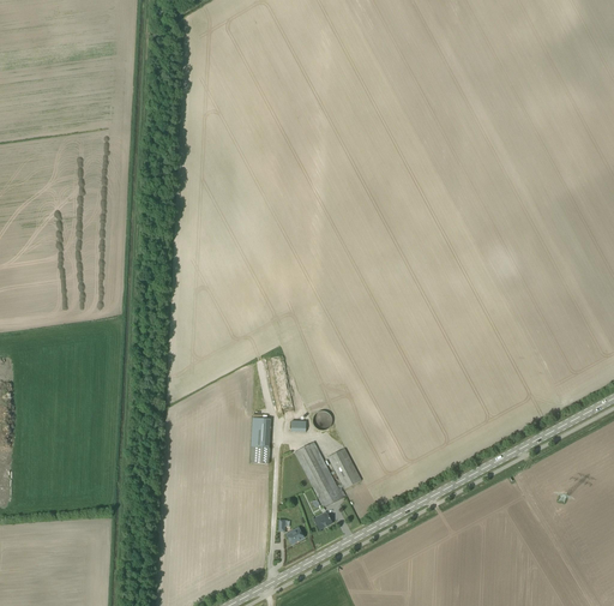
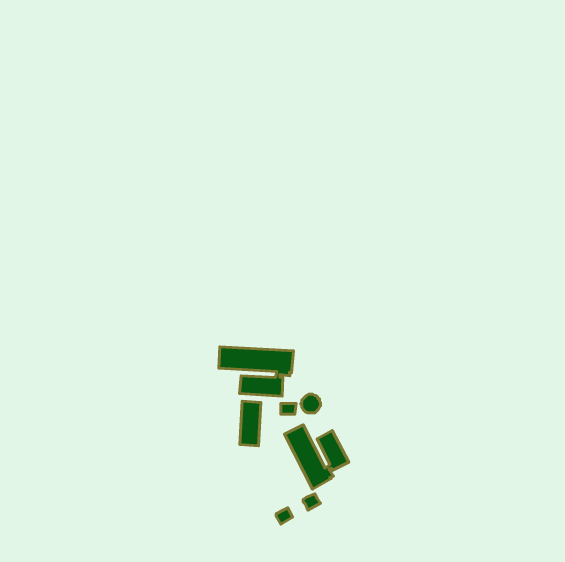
building: none -> [219,347,294,396]

